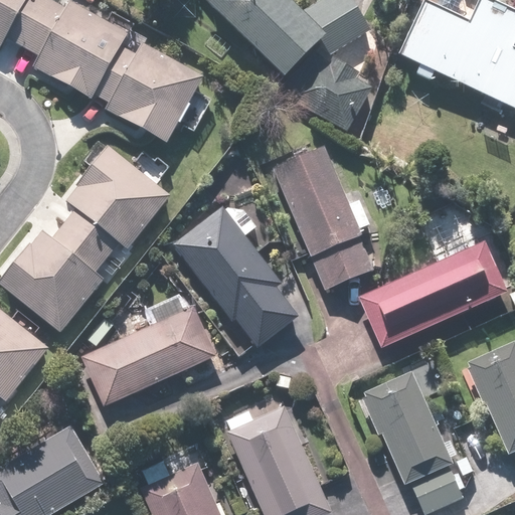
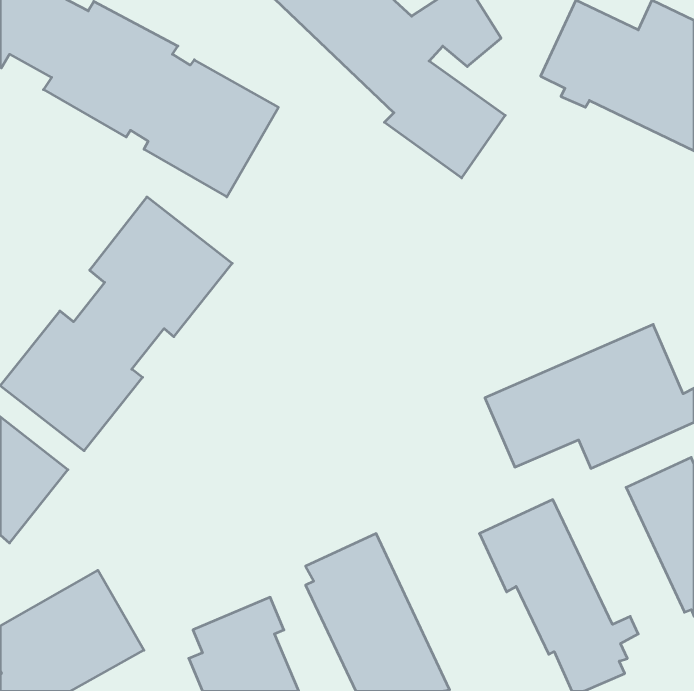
building: [267,142,376,289] -> none
building: [172,200,299,345] -> none
building: [79,307,214,404] -> none

